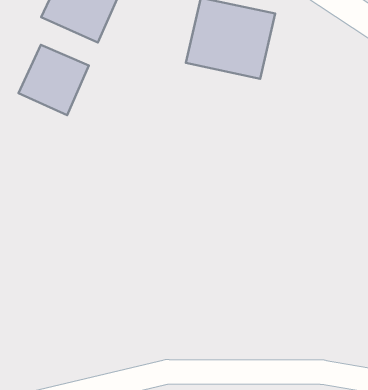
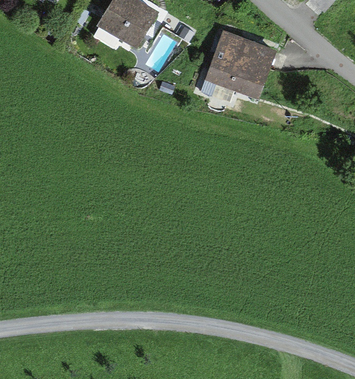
building: [19,45,89,115] -> none

